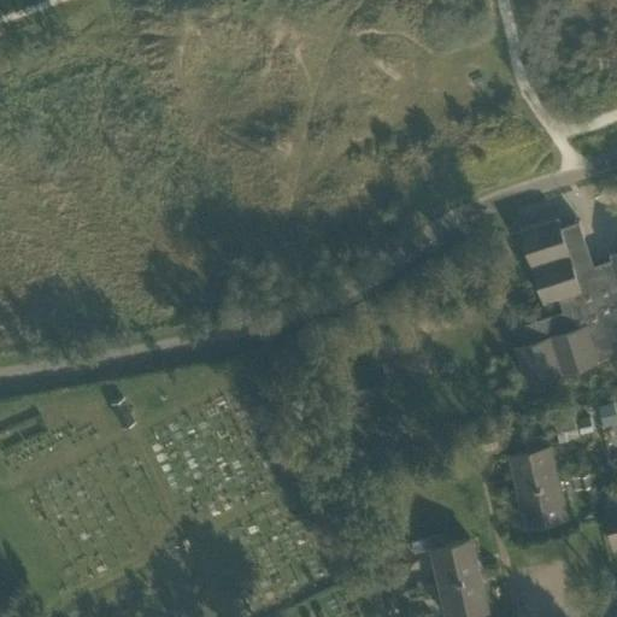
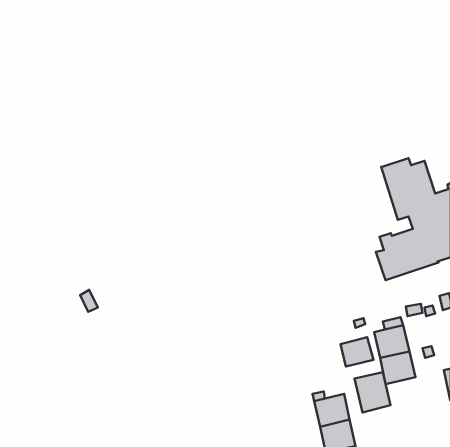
building: none -> [341,337,373,366]
building: none -> [355,372,390,413]

